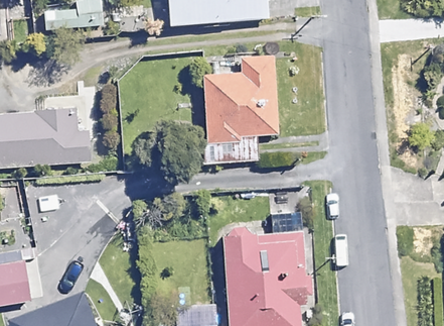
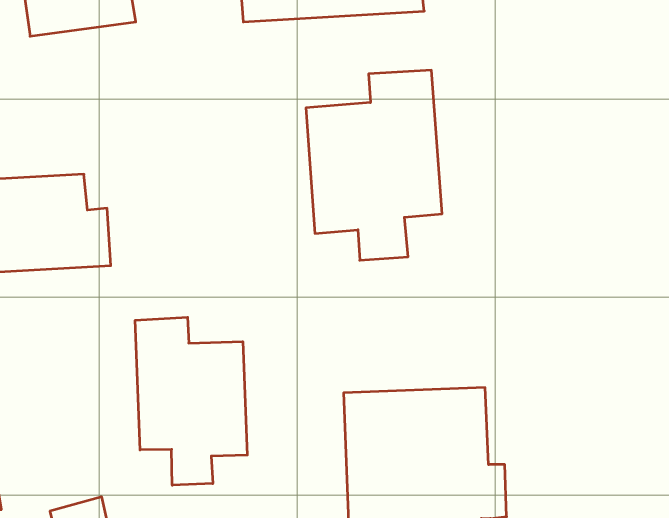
building: none -> [135,317,247,485]

